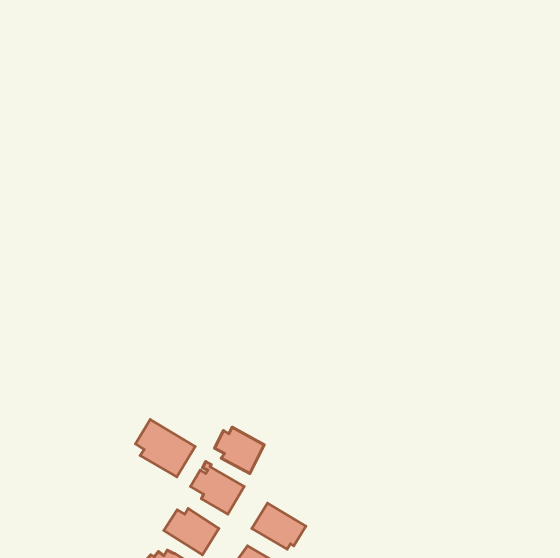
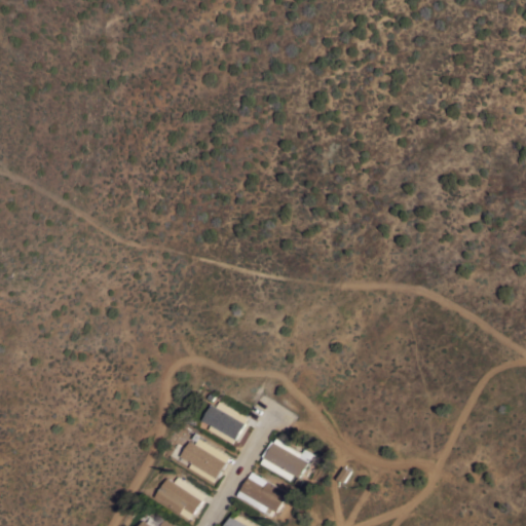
building: [136,420,195,477] -> none
building: none -> [260,440,306,483]

